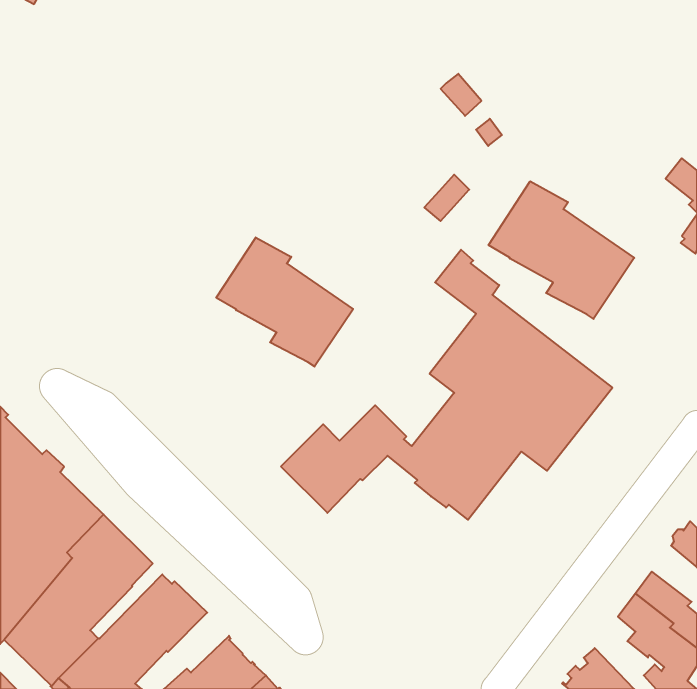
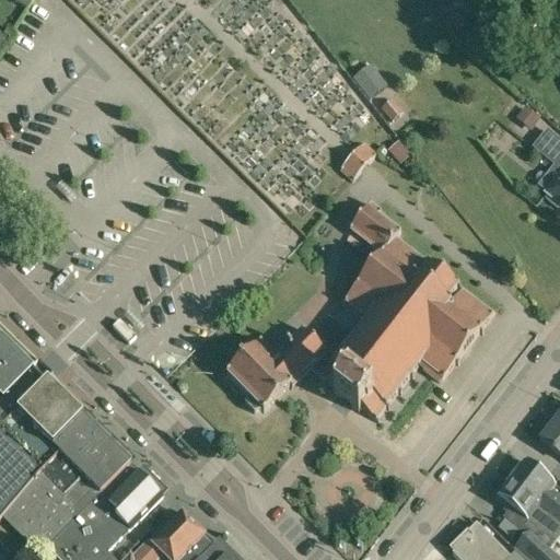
building: [489,181,634,319] -> none
building: [216,237,353,367] -> none

